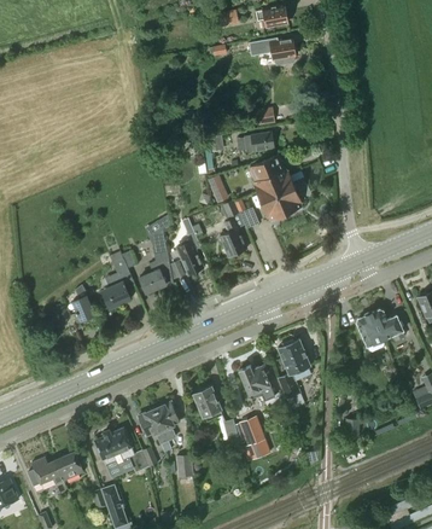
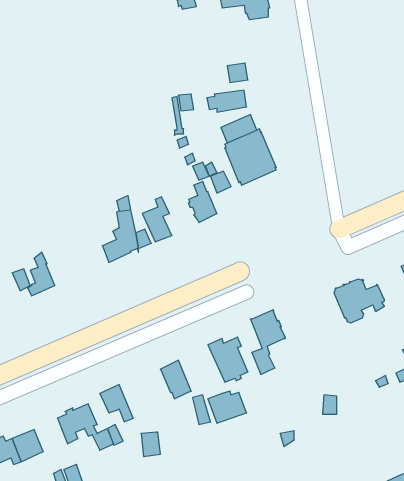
building: [100,250,135,309] -> none
building: [154,401,181,440] -> none

